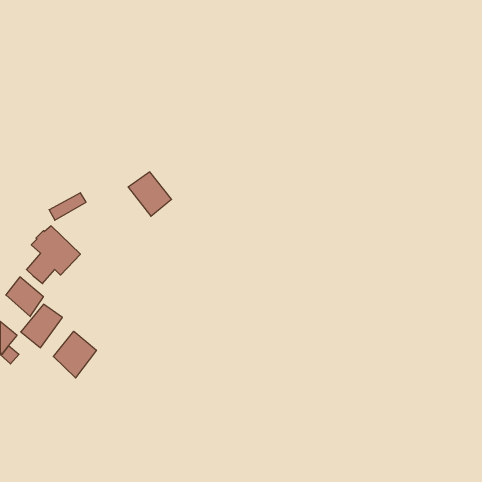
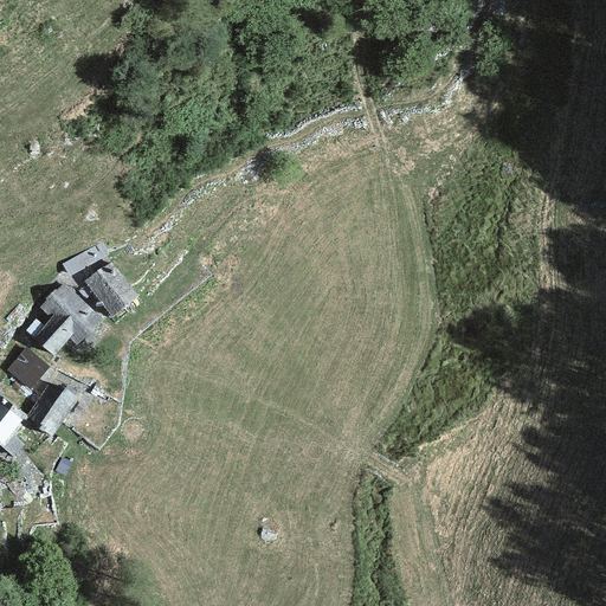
building: [128,172,172,216] -> [84,262,138,317]
building: [53,331,96,378] -> none

